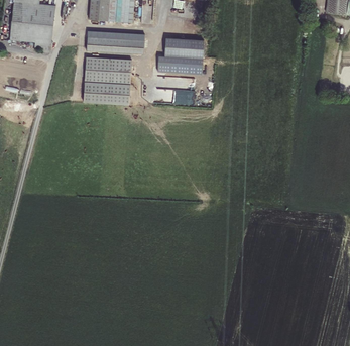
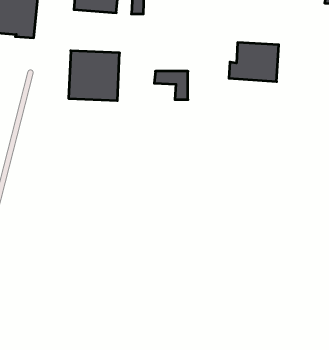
building: [86,30,144,52] -> none
building: [156,37,203,74] -> [229,43,279,82]

